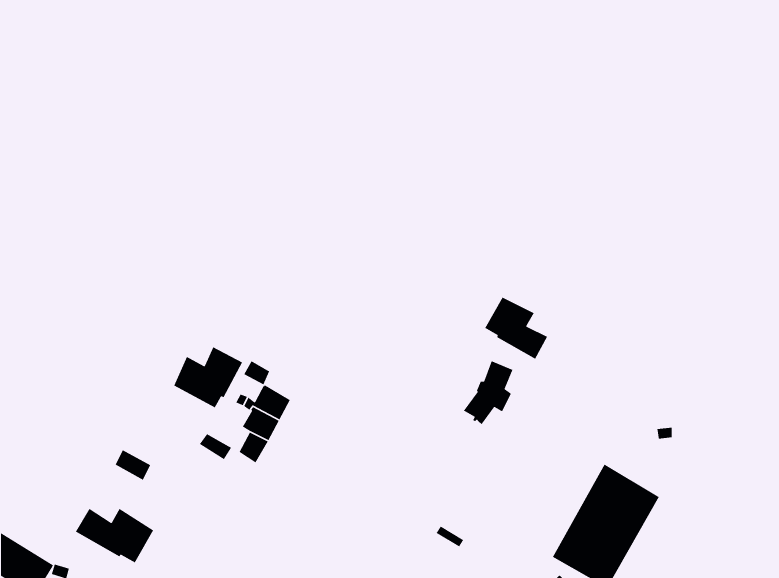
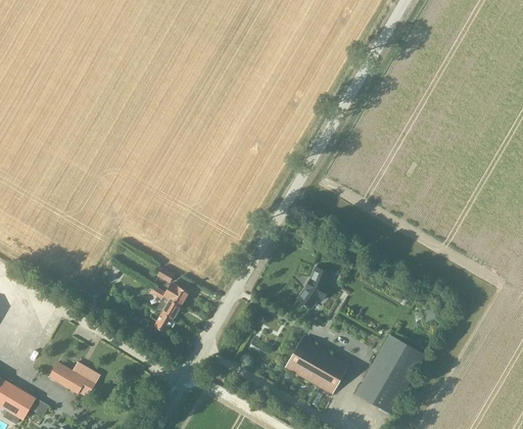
building: [484,296,548,360] -> none
building: [173,346,243,408] -> none
building: none -> [285,338,348,393]

